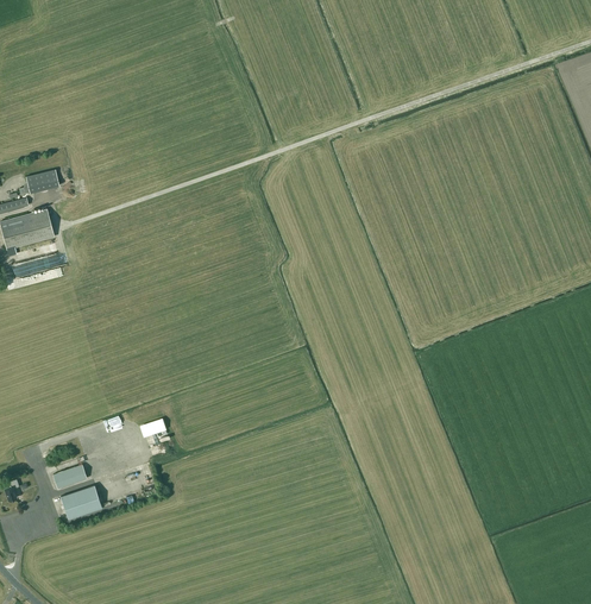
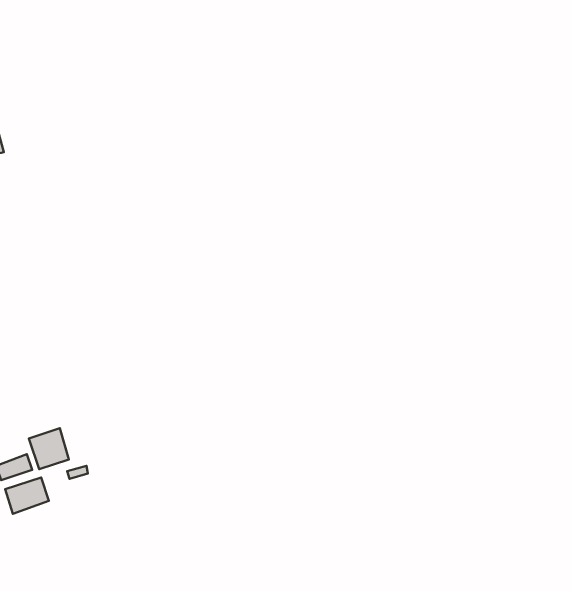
building: none -> [29,428,69,469]

